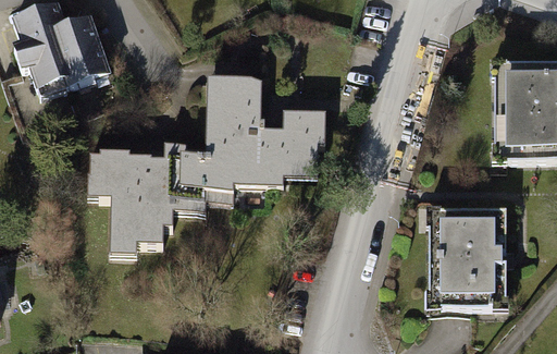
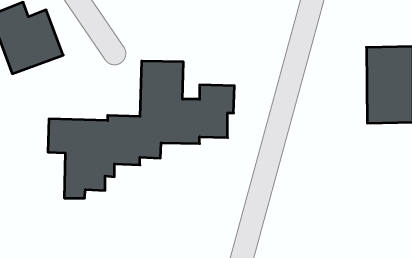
building: [430,208,506,305] -> none

